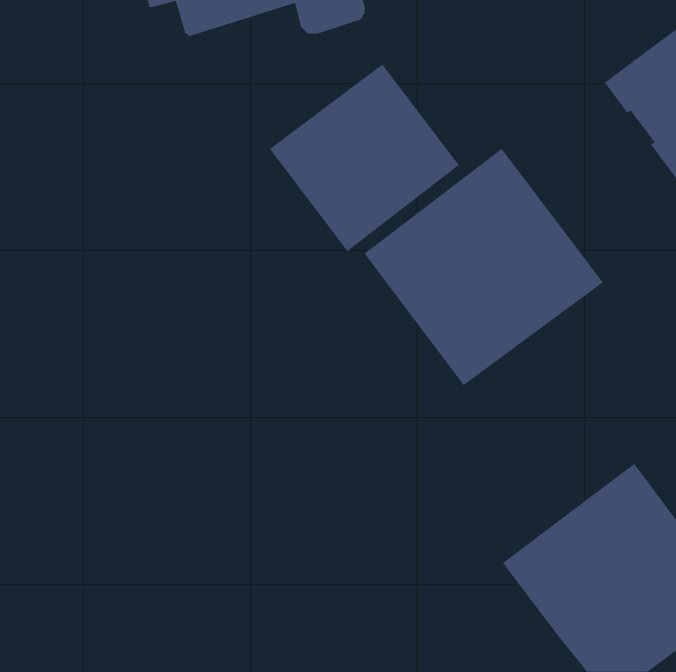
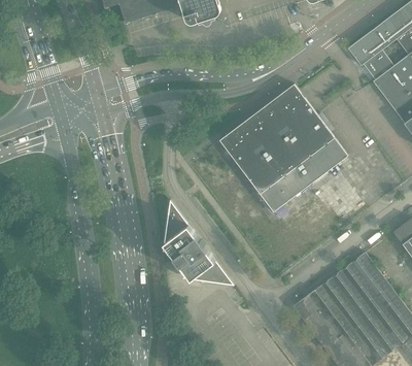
building: [269,63,460,252] -> none
building: none -> [164,200,236,285]

